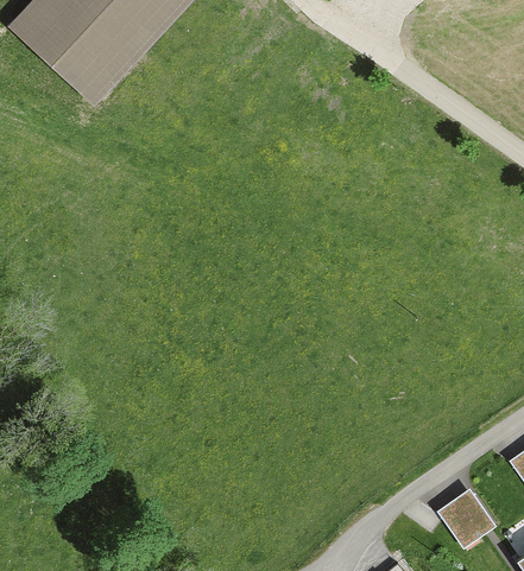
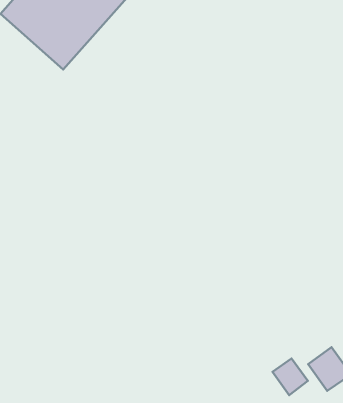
building: none -> [272,359,308,395]

